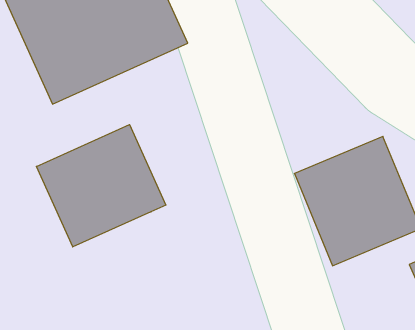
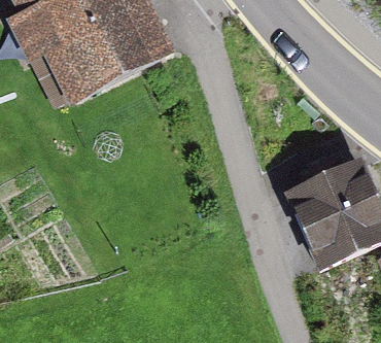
building: [36,125,166,247] -> none

